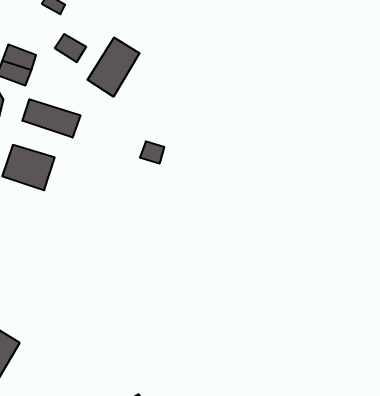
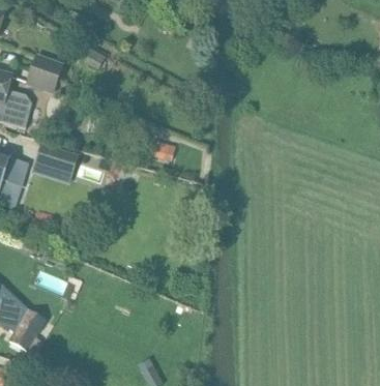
building: [87,37,139,97] -> none
building: [22,99,80,138] -> none

